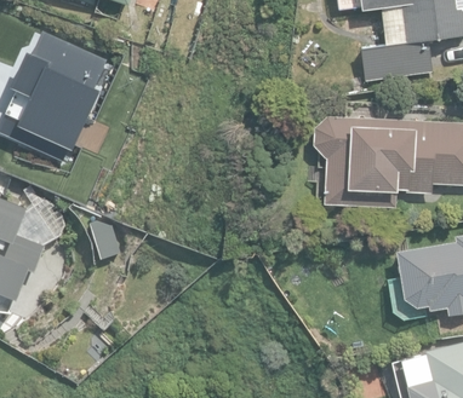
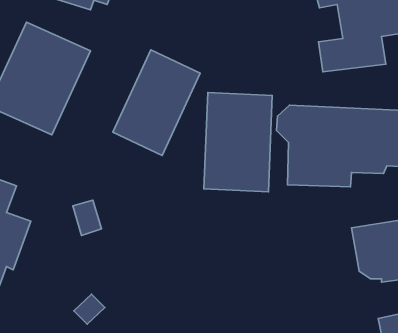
building: none -> [113,50,200,156]
building: none -> [204,92,272,192]

